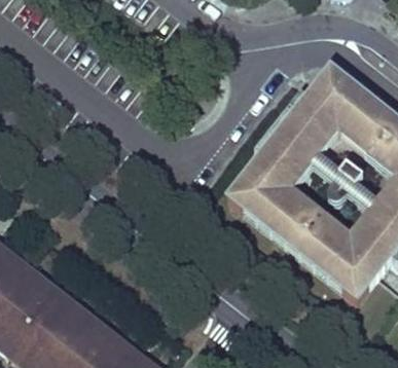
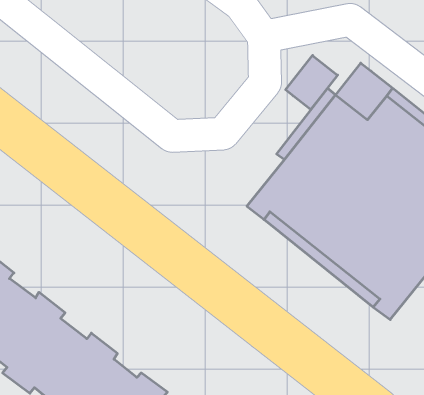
building: none -> [286,55,338,109]

